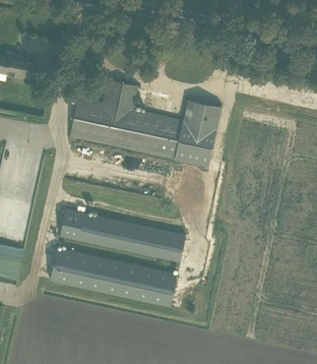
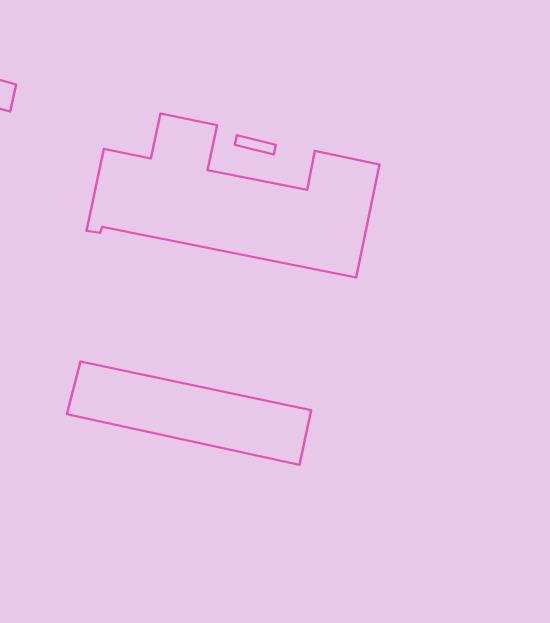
building: [49,246,176,306] -> none

